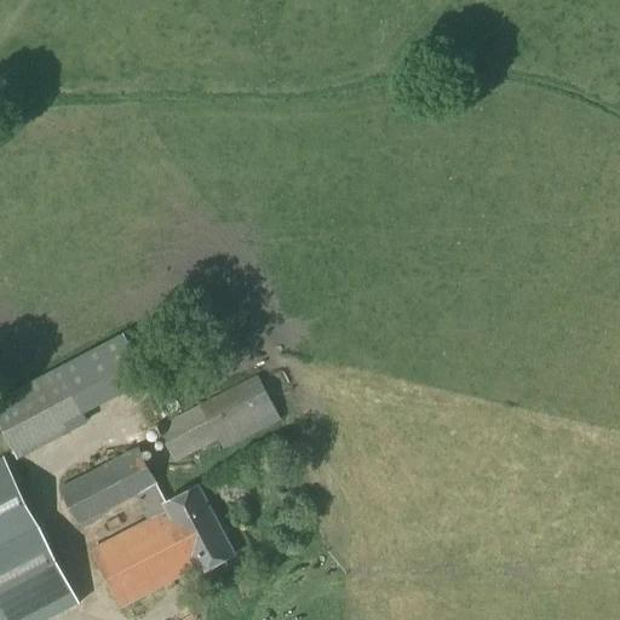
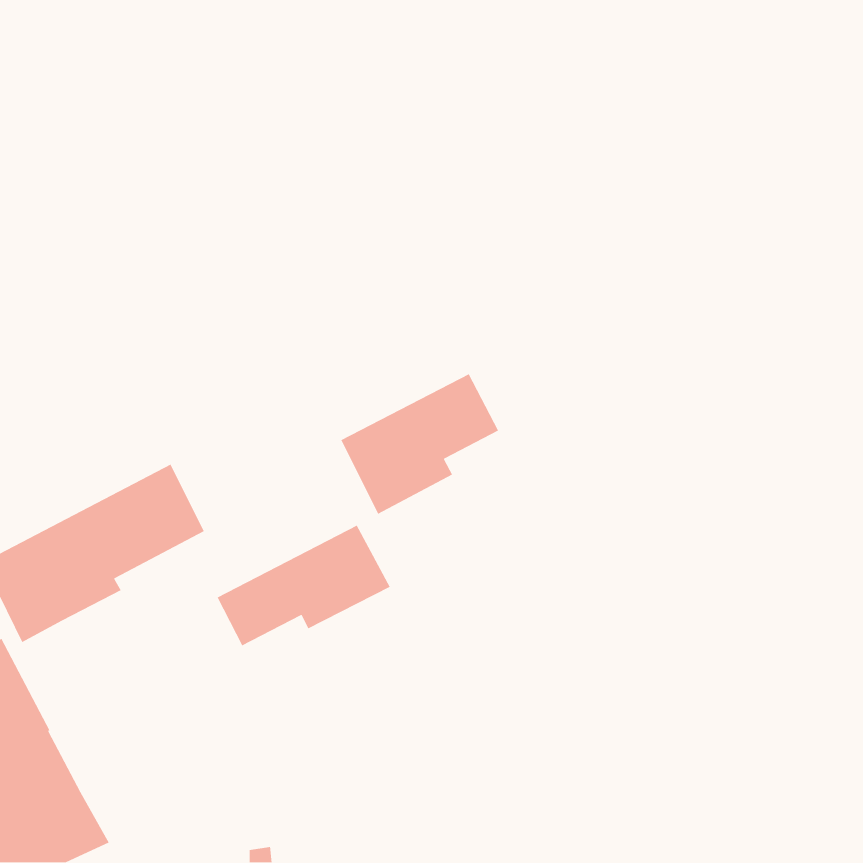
building: none -> [340,373,499,515]
building: [57,447,232,607] -> none

